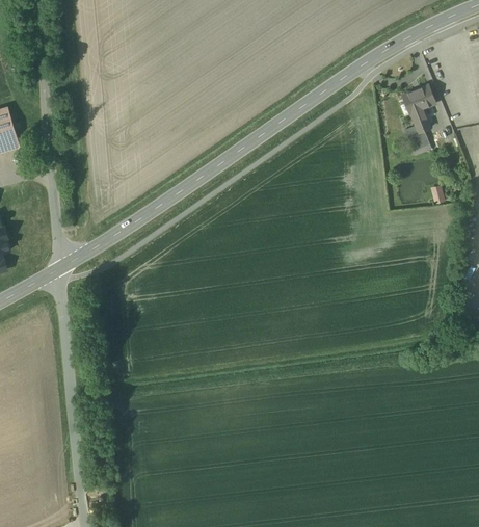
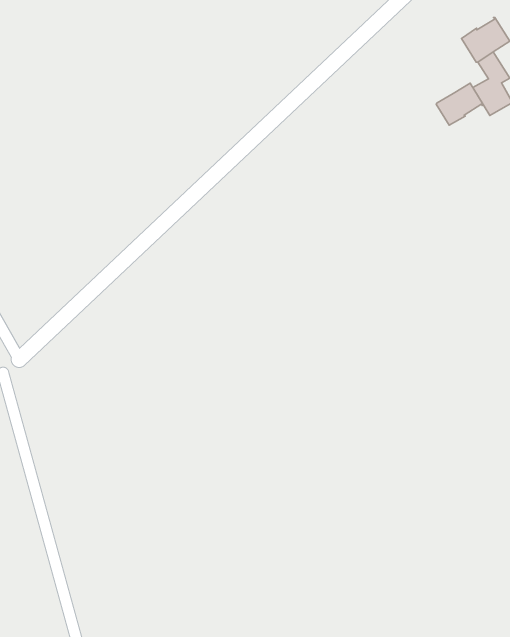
building: none -> [436,83,483,125]

